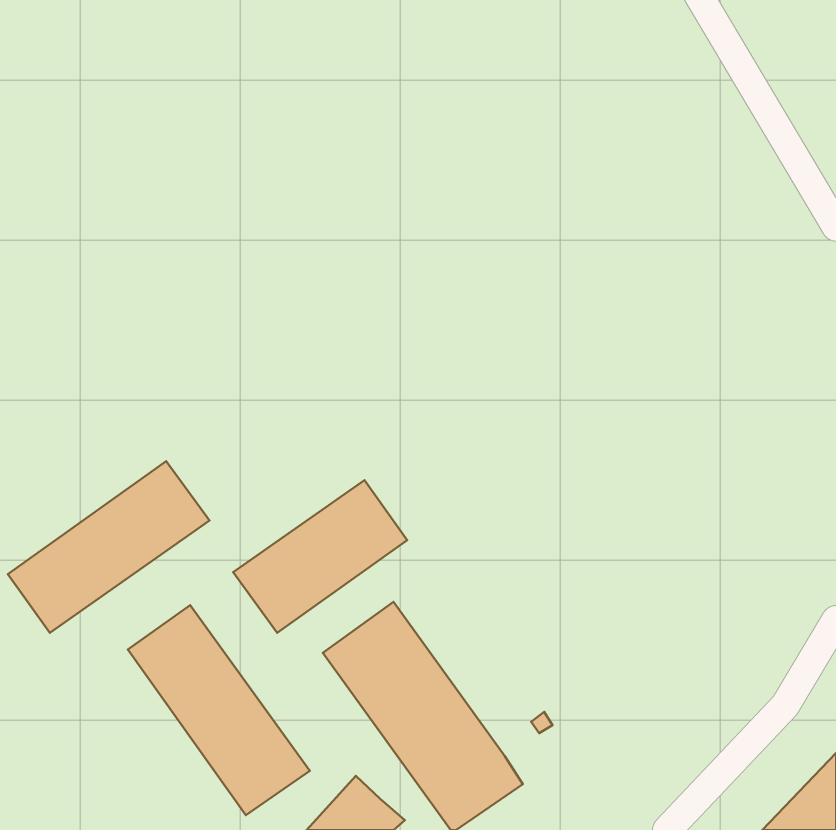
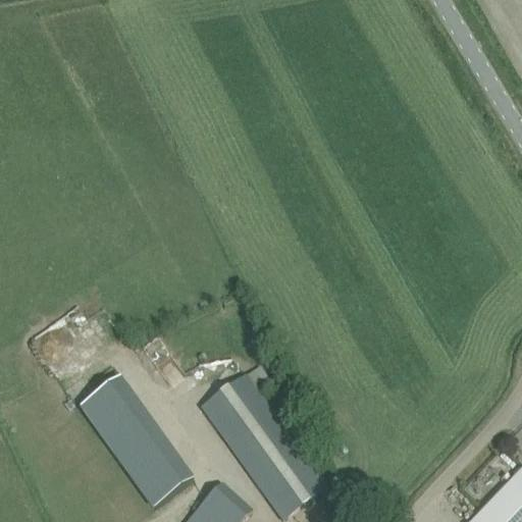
building: [8,461,210,633] -> none
building: [233,480,407,633] -> none

